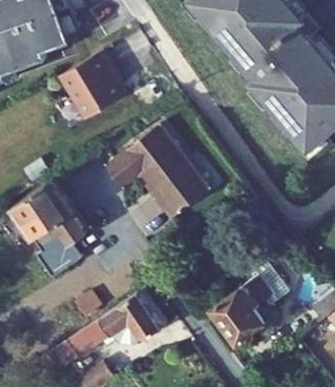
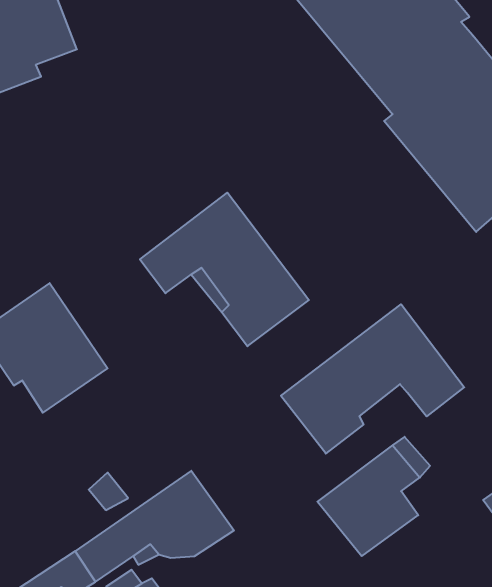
building: [59,52,121,118] -> none
building: none -> [281,304,464,454]

